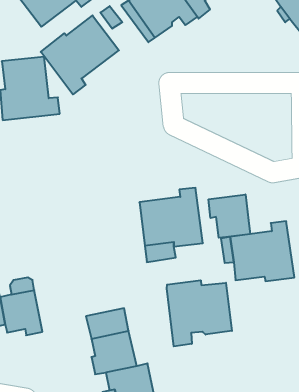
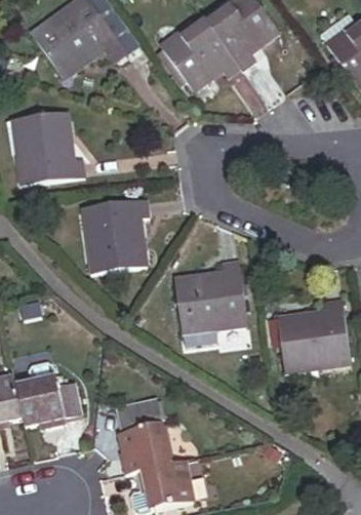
building: [41,15,119,94] -> none
building: none -> [84,200,148,271]
building: [209,194,250,238] -> none
building: [167,280,232,346] -> none

